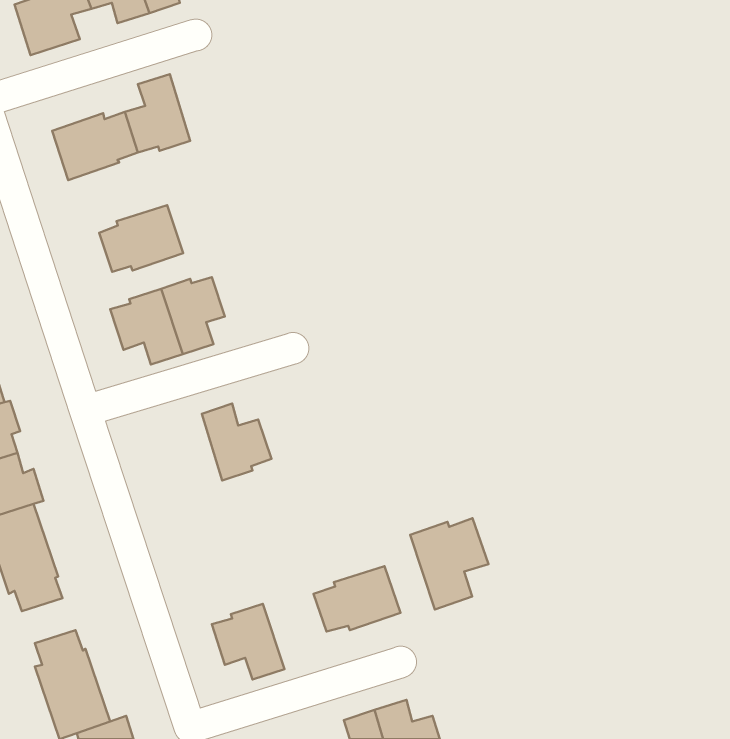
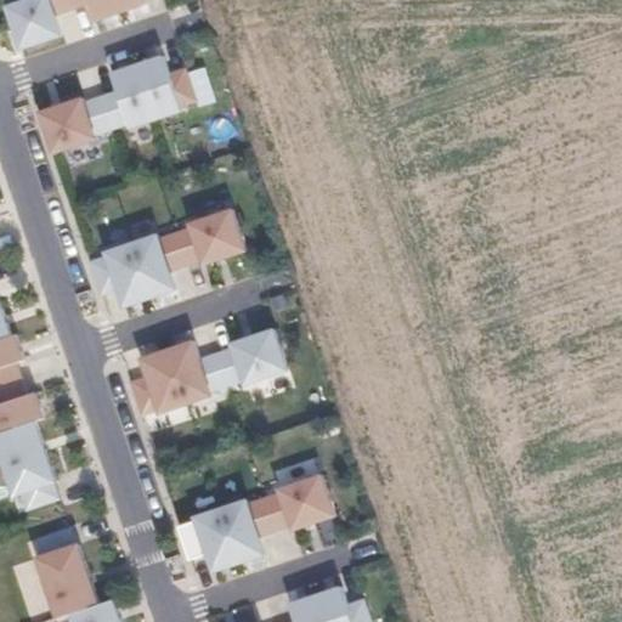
building: none -> [142,53,200,118]
building: [99,205,183,272] -> [177,209,248,265]
building: none -> [216,327,288,384]
building: none -> [131,346,186,413]
building: [410,518,488,609] -> none
building: none -> [220,497,273,560]

